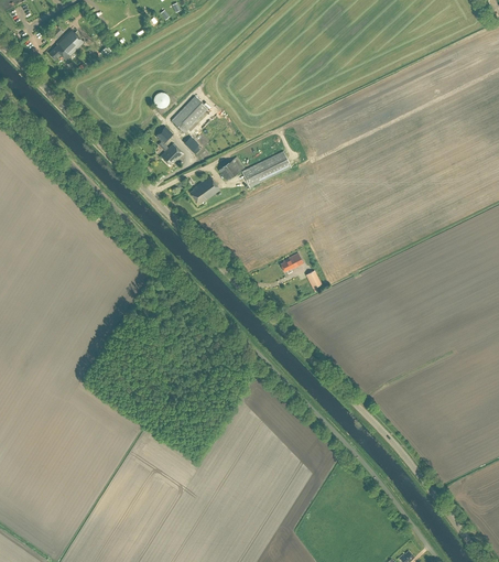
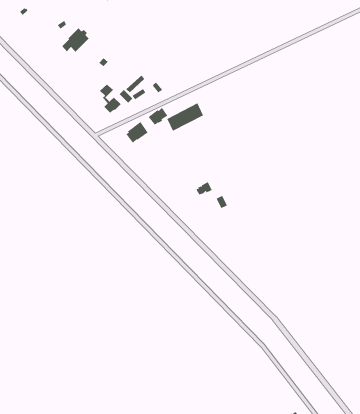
building: [48,28,85,61] -> [62,27,90,53]
building: [171,97,208,129] -> none

